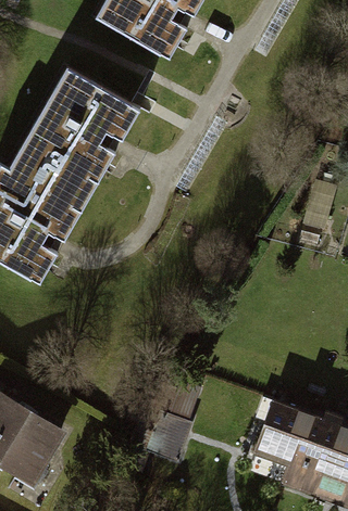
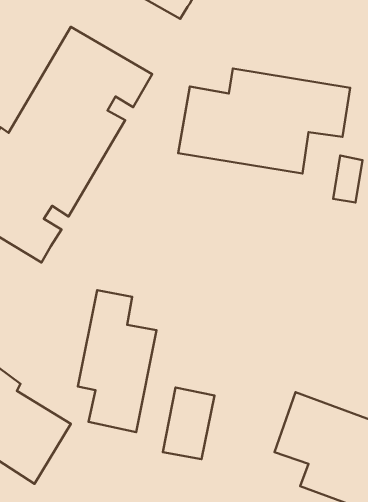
building: none -> [178,68,350,173]
building: none -> [78,290,157,432]

